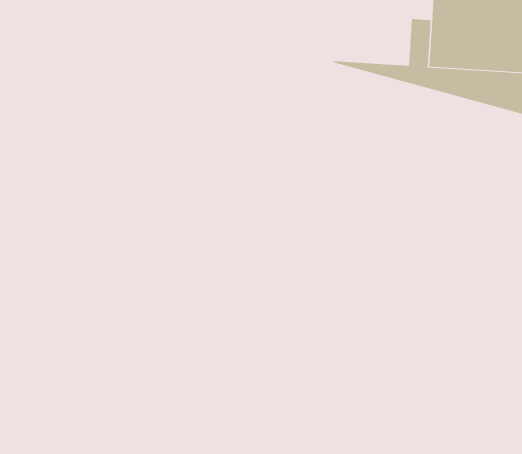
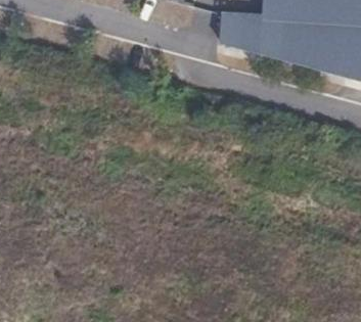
building: none -> [220,10,271,44]

